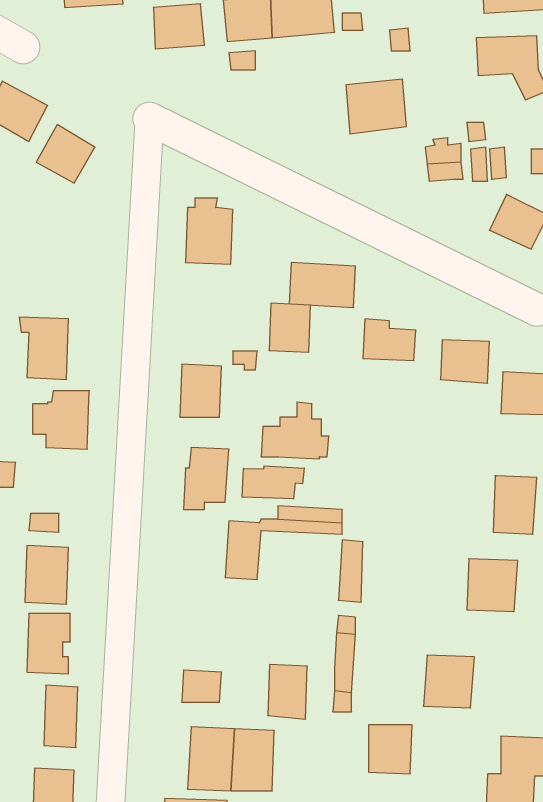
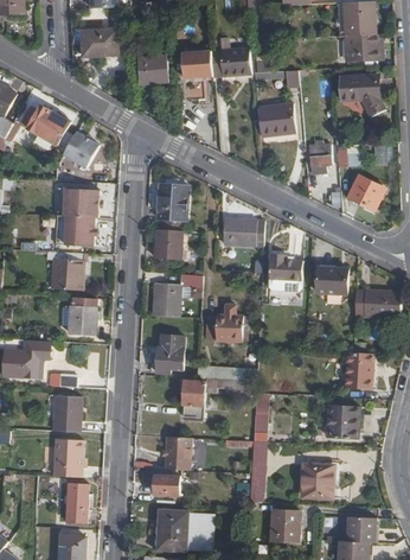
building: none -> [63,190,100,247]
building: [269,303,311,352] -> [155,229,181,260]
building: [242,466,304,499] -> none
building: [268,664,307,719] -> [166,437,191,471]

